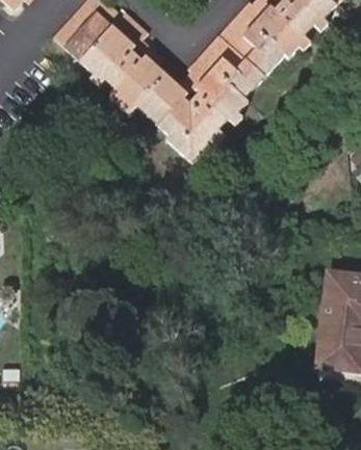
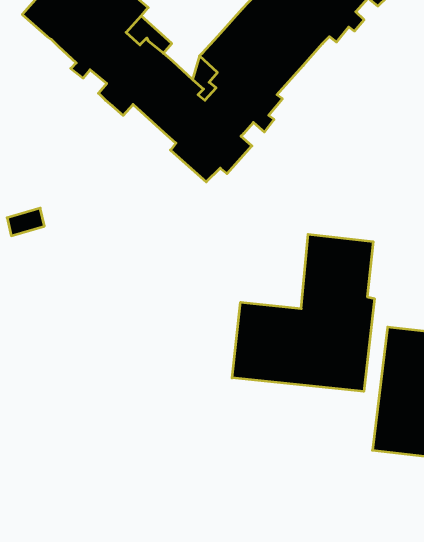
building: none -> [232,234,374,391]

